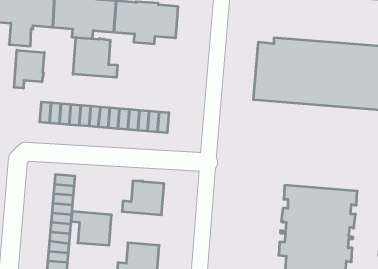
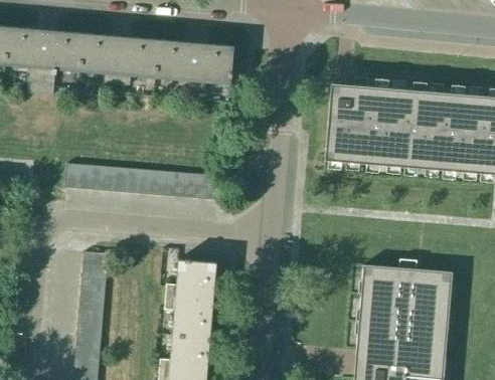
building: [73,37,117,77] -> none
building: [14,50,44,88] -> none
building: [71,212,112,245] -> [164,297,213,338]

